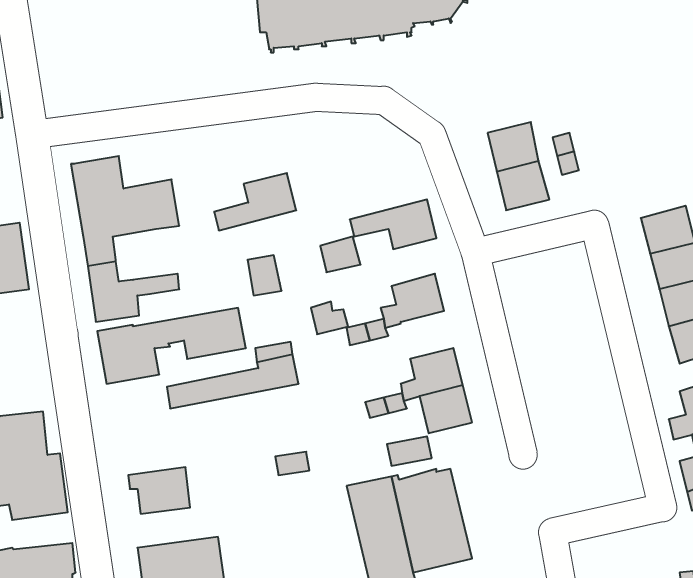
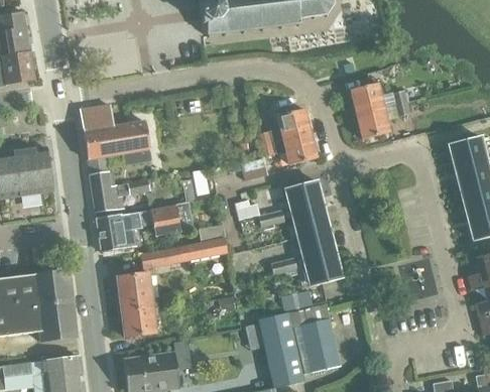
building: [214,173,296,230] -> [257,108,311,145]
building: none -> [293,205,328,236]
building: none -> [113,270,153,311]

